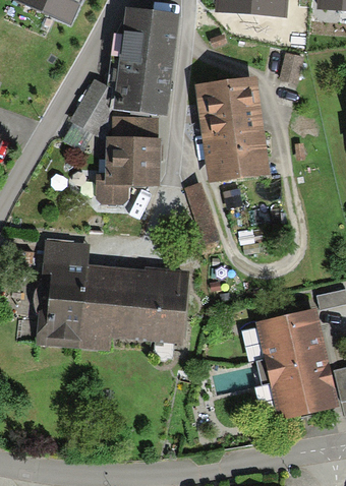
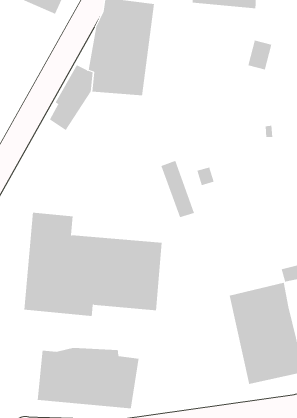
building: [194,73,270,179] -> none
building: [95,114,161,202] -> none
building: none -> [37,347,139,409]

